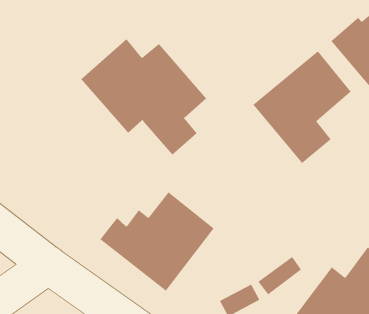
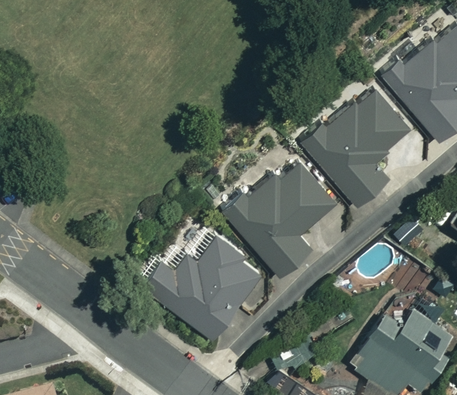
building: [81,39,207,155] -> none
building: none -> [221,159,334,277]

